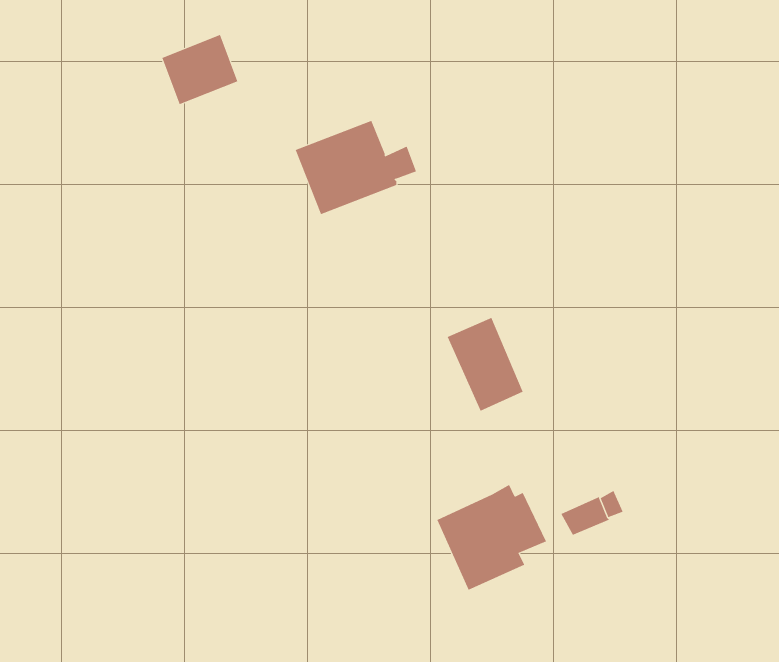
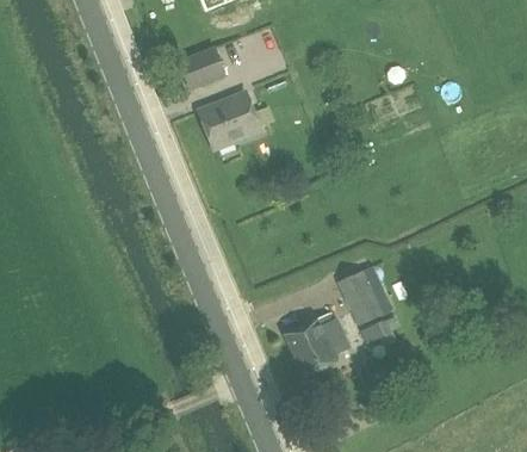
building: [161,34,238,105] -> [179,48,225,91]
building: [447,317,523,412] -> [337,268,384,326]

